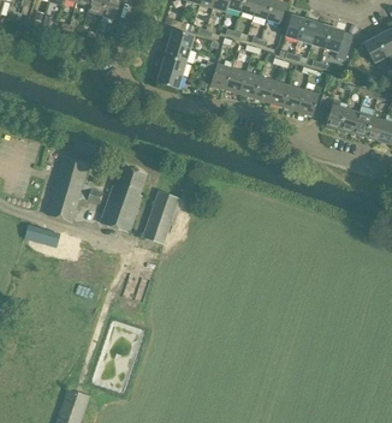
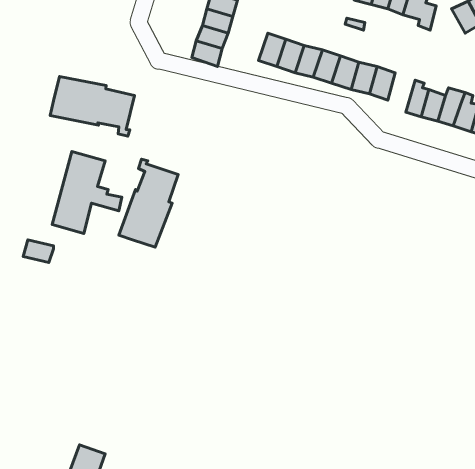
building: none -> [50,77,134,136]
building: [143,192,178,244] -> none

